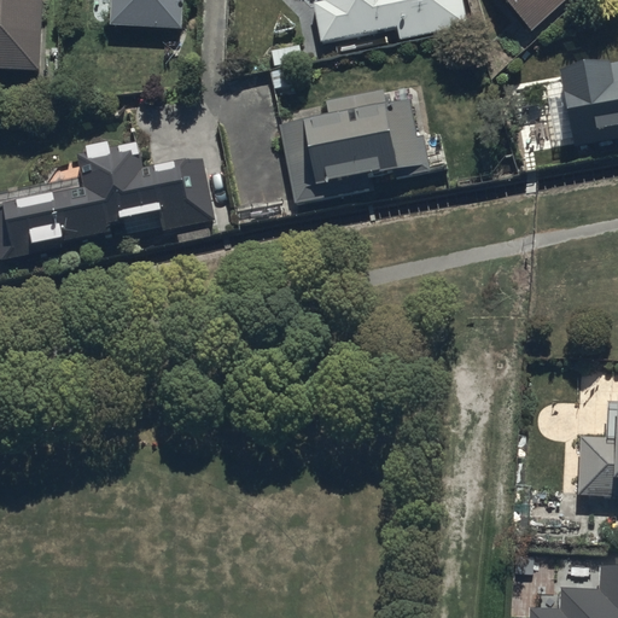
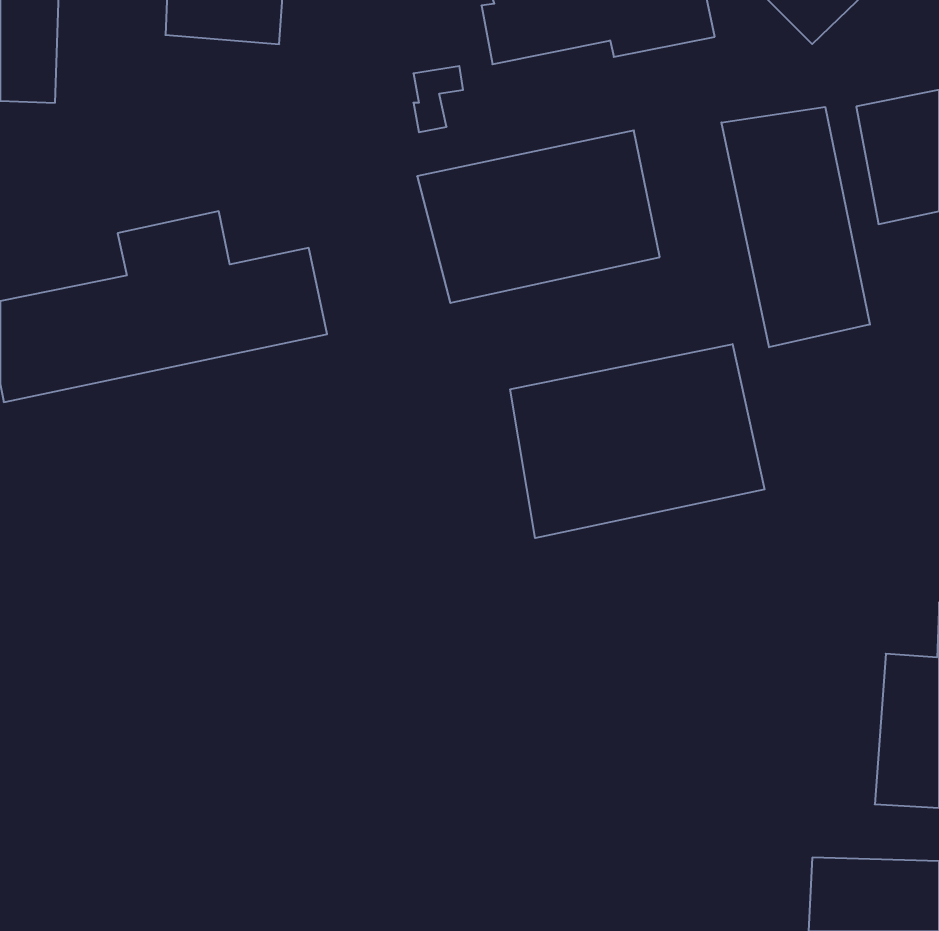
building: none -> [721,107,870,347]
building: none -> [510,344,765,538]

